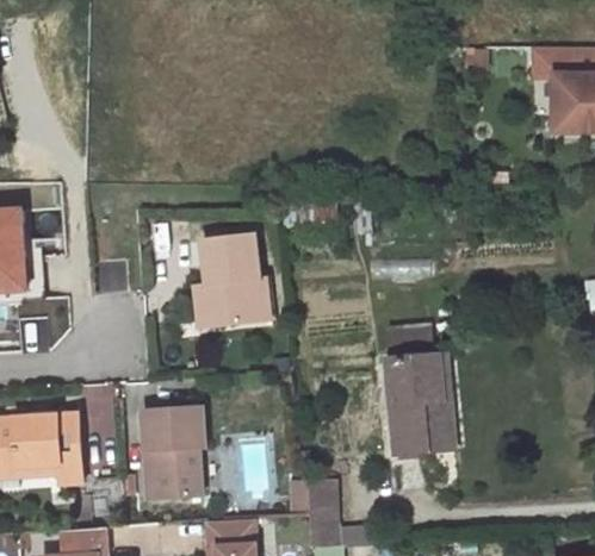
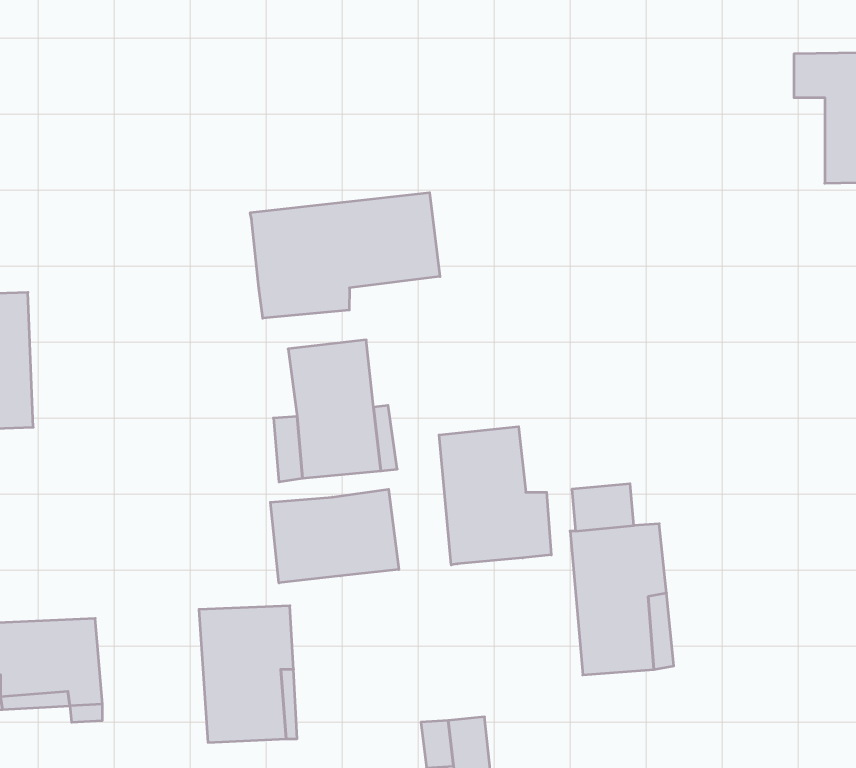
building: none -> [250,193,440,318]
building: none -> [439,427,551,565]
building: none -> [270,489,399,583]

